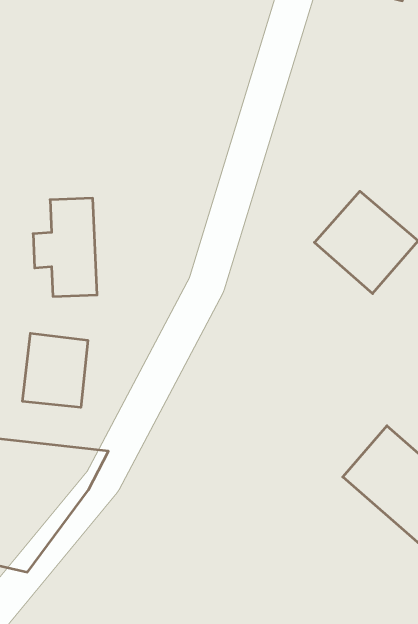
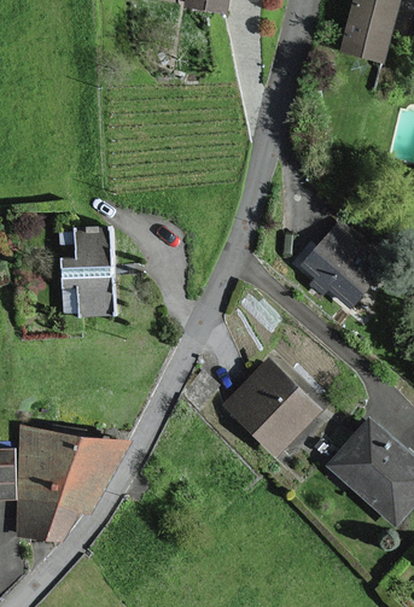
building: [23,333,88,407] -> none
building: none -> [223,362,315,453]

